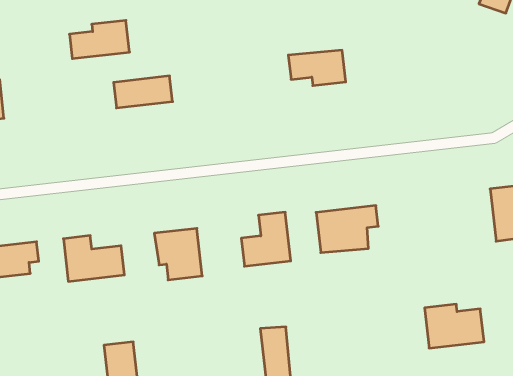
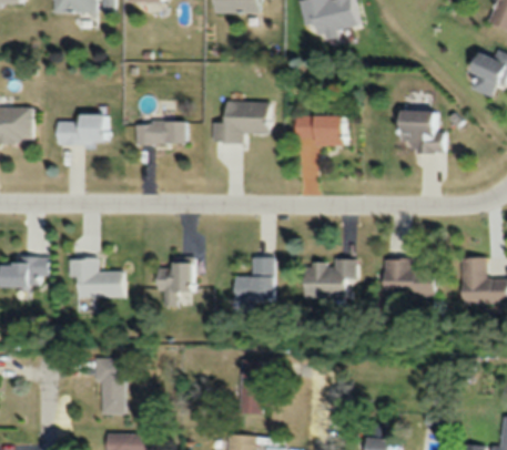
building: [69,20,130,59] -> [55,115,108,144]
building: none -> [396,111,445,153]
building: none -> [212,101,270,144]
building: [425,304,484,348] -> [384,258,434,295]

